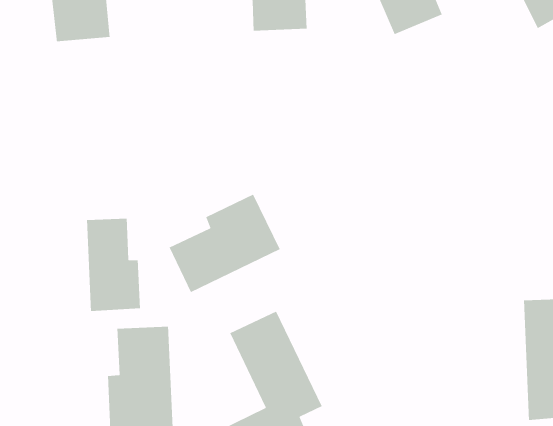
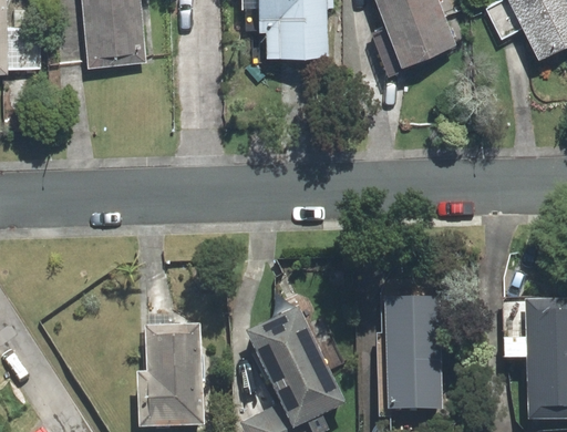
building: [168,194,281,293] -> none
building: [86,218,141,312] -> none
building: none -> [385,298,439,408]

